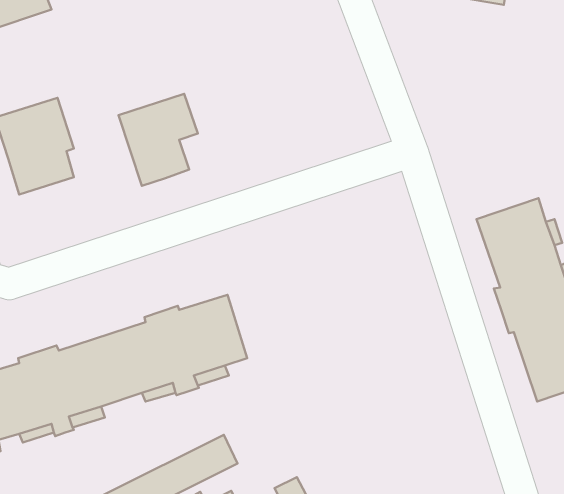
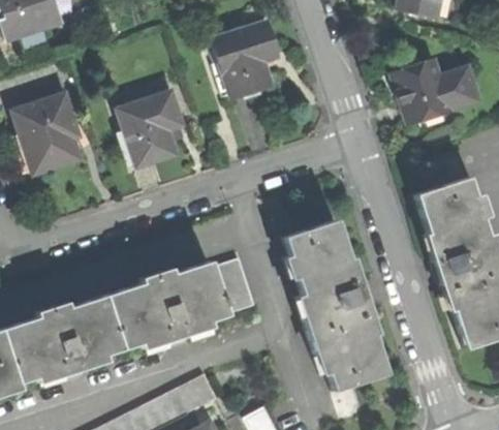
building: none -> [213,21,279,98]
building: none -> [392,59,480,124]
building: none -> [282,220,385,391]
building: none -> [211,255,254,311]

